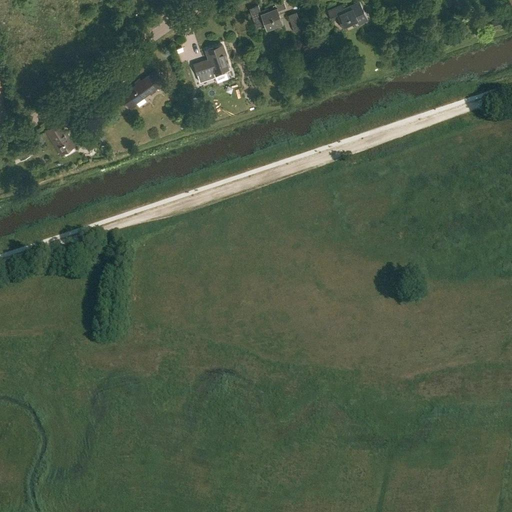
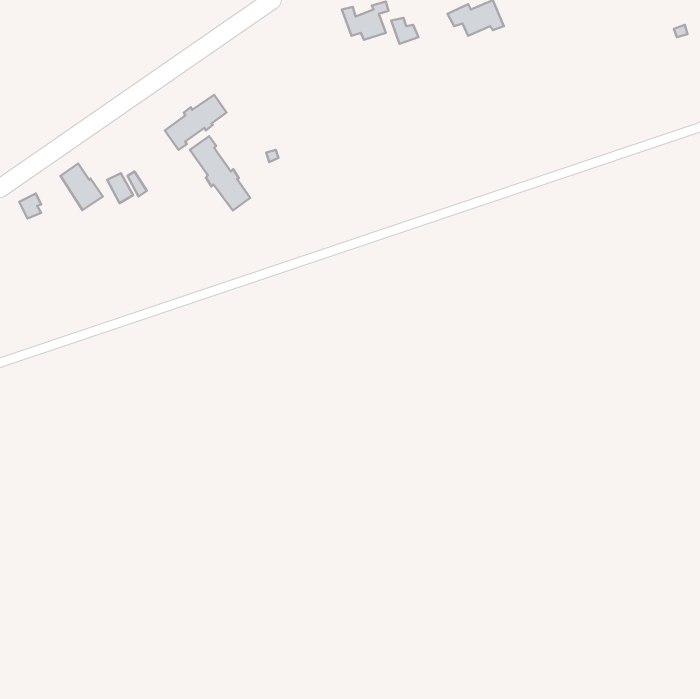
building: [193,45,228,76] -> none
building: none -> [190,136,250,211]

